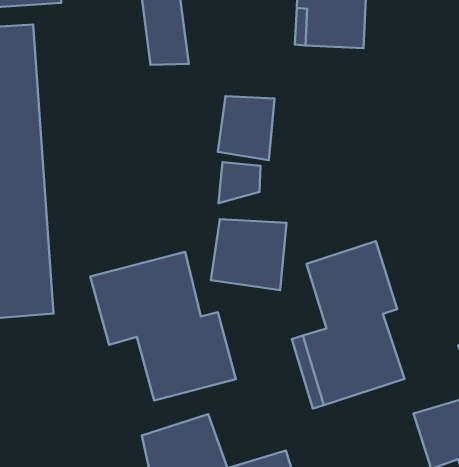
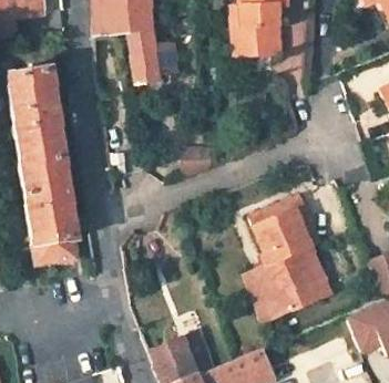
building: [218,96,274,160] -> none
building: [211,219,286,290] -> none
building: [90,252,236,400] -> none

